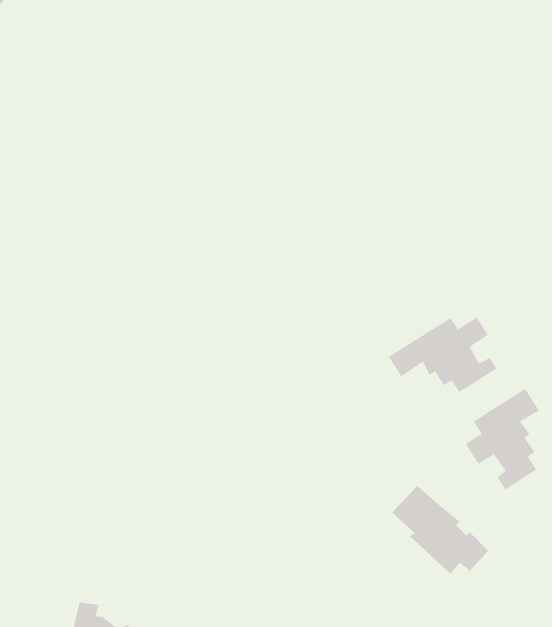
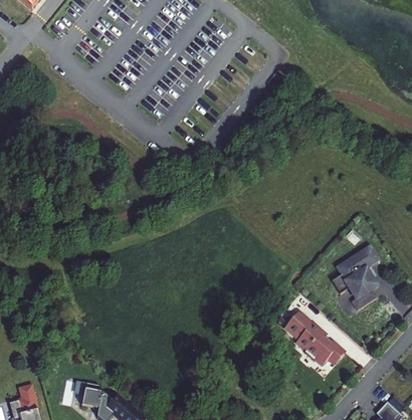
building: [388,316,498,393] -> none

